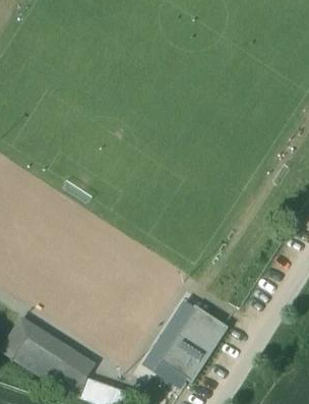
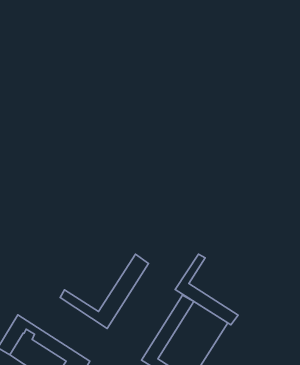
building: none -> [175,254,238,325]
building: none -> [60,254,148,328]

